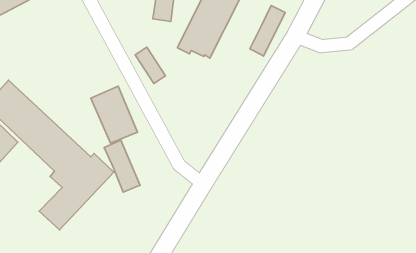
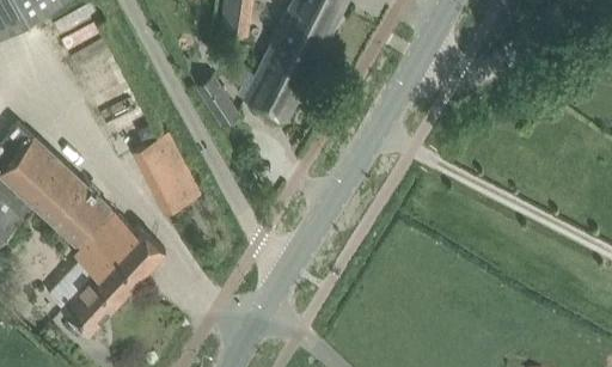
building: [250,6,285,56] -> none
building: none -> [241,78,299,122]
building: [104,140,140,192] -> none

